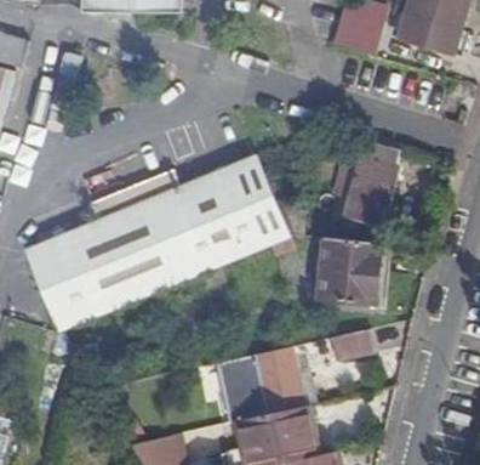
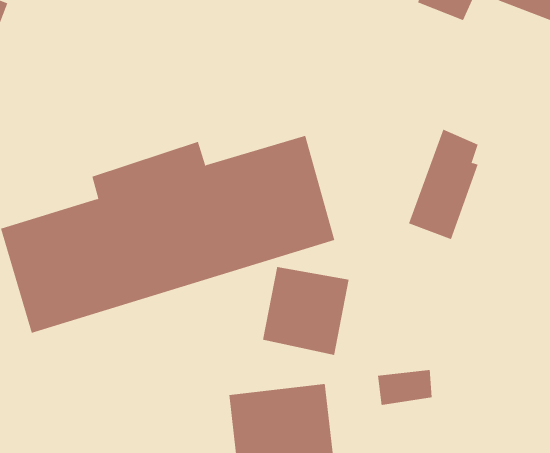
building: [318,239,382,305] -> [262,267,350,356]

